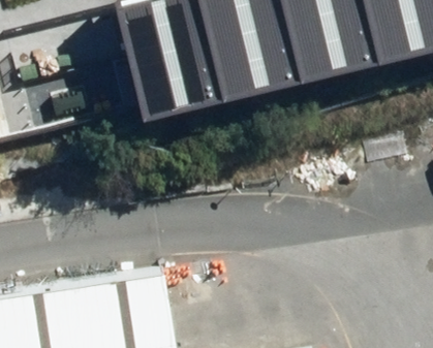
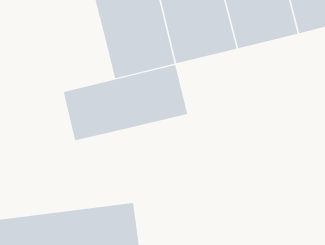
building: none -> [63,64,188,141]

